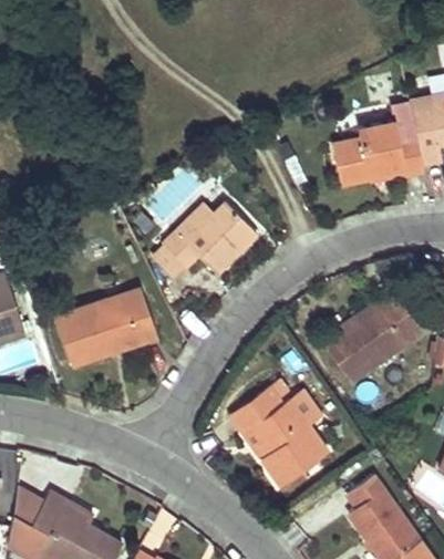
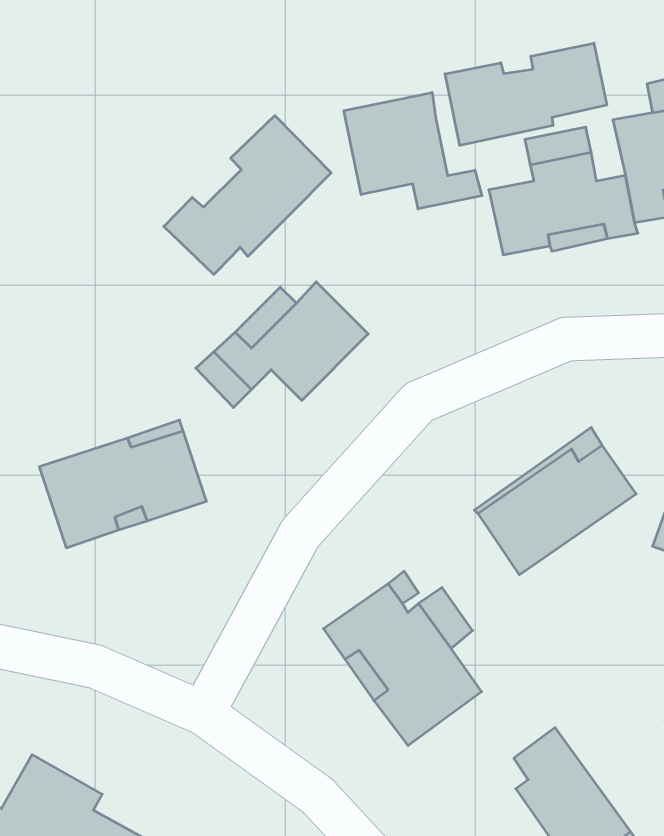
building: none -> [445,43,607,145]
building: none -> [344,92,482,209]
building: none -> [164,116,331,274]

